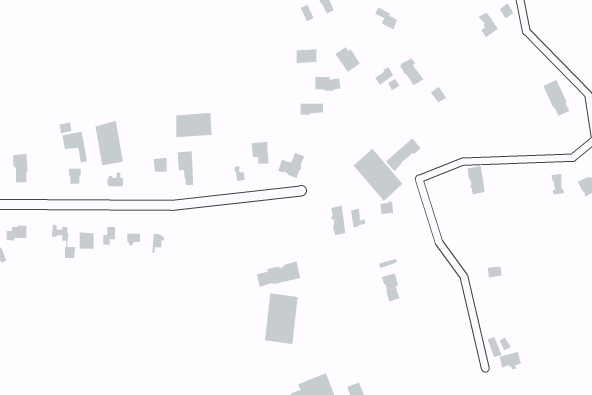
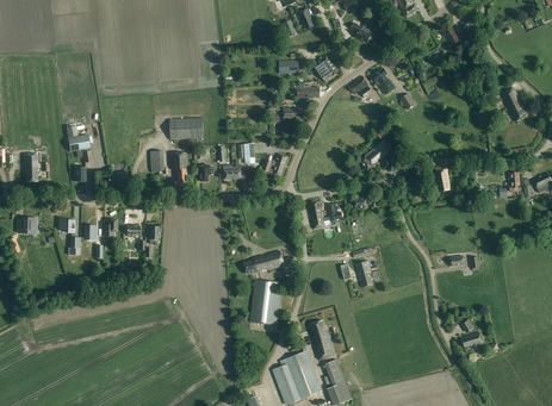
building: [95,120,123,166] -> none
building: [353,148,403,202] -> none
building: none -> [310,319,335,358]

